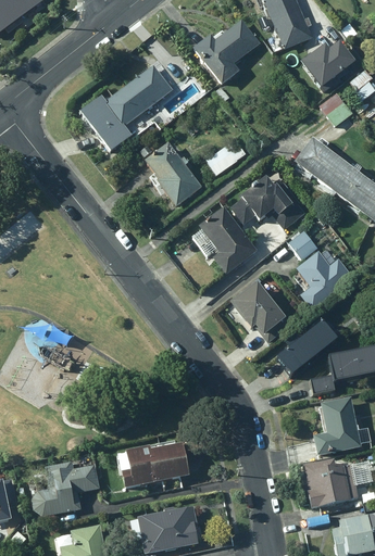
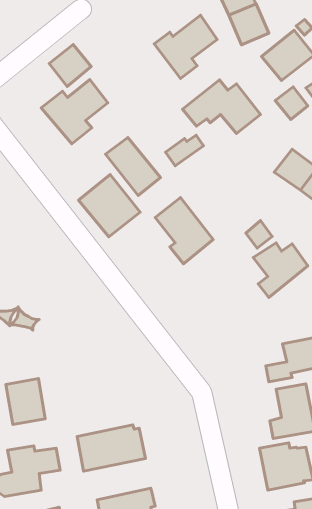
building: [128,65,172,109] -> [49,44,91,87]
building: [292,138,337,180] -> none
building: [230,176,311,231] -> [183,80,261,133]
building: none -> [78,174,140,237]
building: [233,283,289,343] -> none
building: [276,320,341,381] -> none
building: none -> [6,379,45,424]

